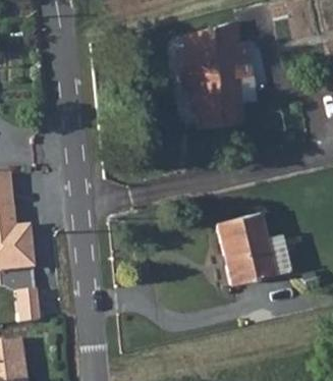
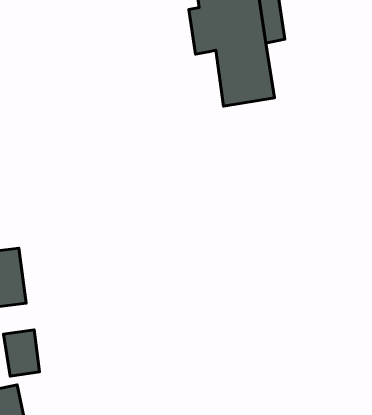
building: [215,212,287,283] -> none

